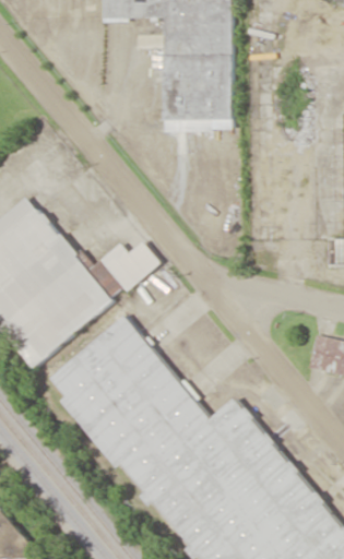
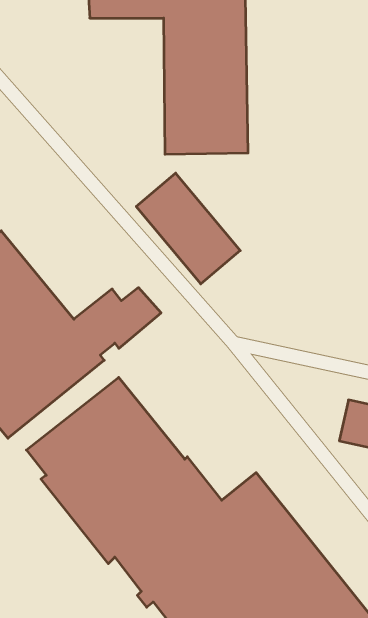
building: none -> [136,173,240,284]

